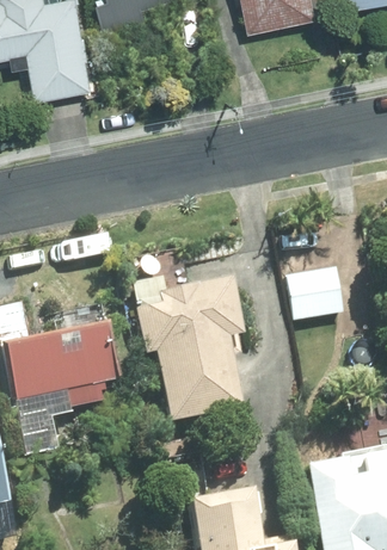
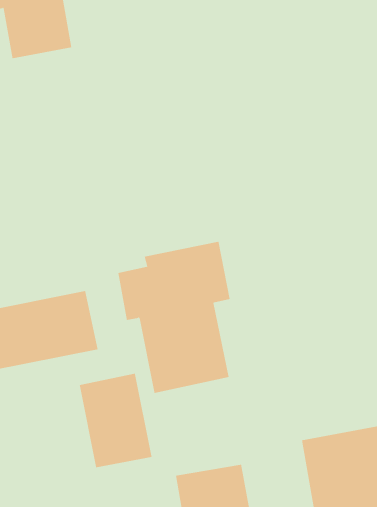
building: [284,266,344,322] -> none
building: none -> [79,373,152,468]

